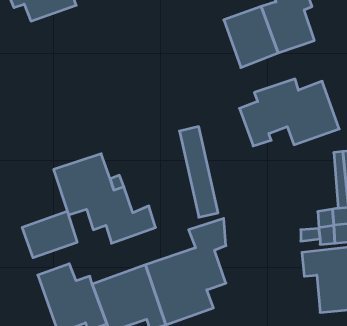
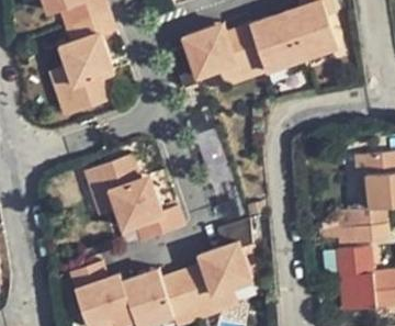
building: none -> [57,12,113,114]
building: [239,79,339,146] -> [169,24,266,89]
building: [22,211,77,258] -> none

